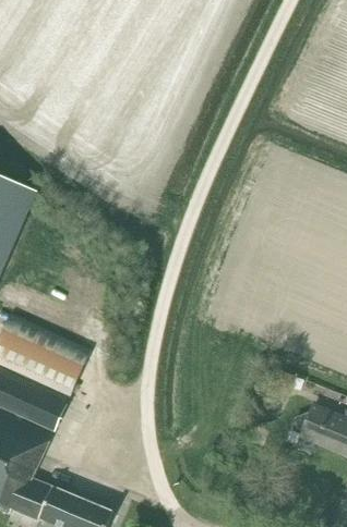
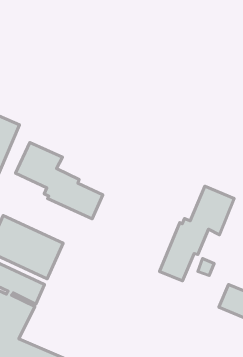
building: none -> [16,142,103,219]
building: none -> [159,186,234,281]

